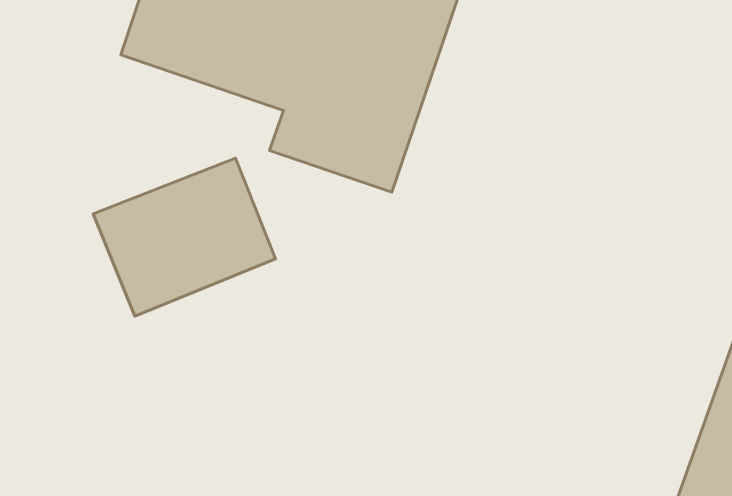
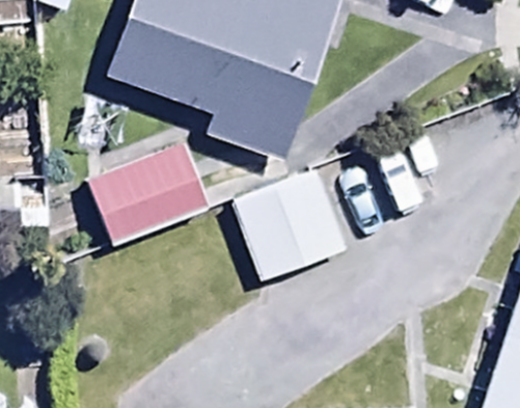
building: none -> [231,173,350,284]

